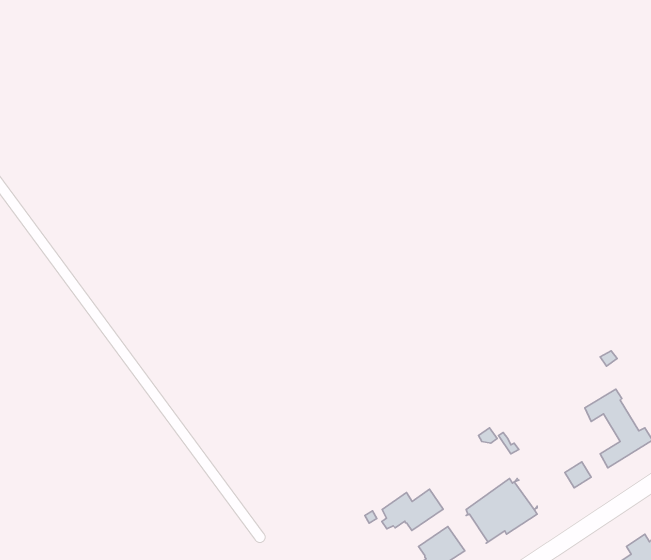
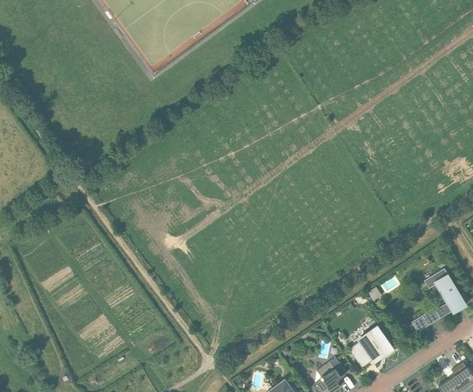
building: [382,489,443,530] -> none

